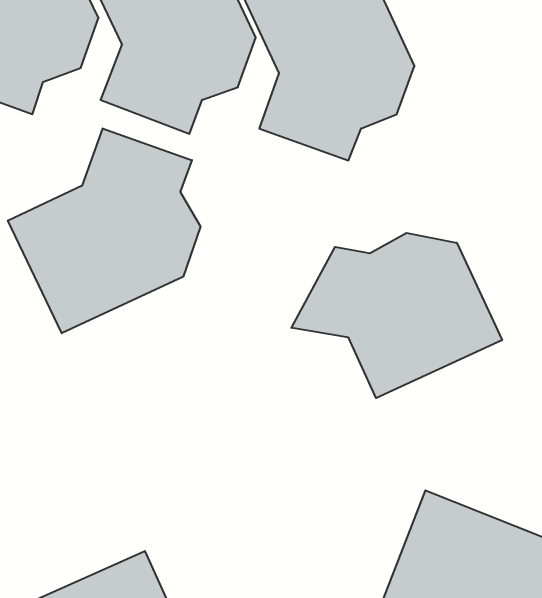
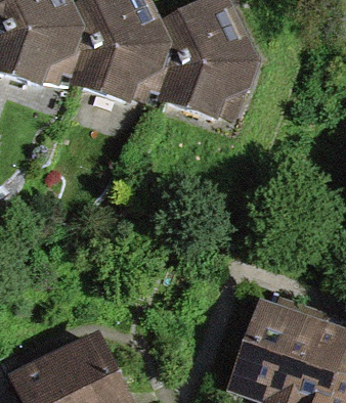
building: [8,128,200,333] -> none
building: [291,233,502,398] -> none

